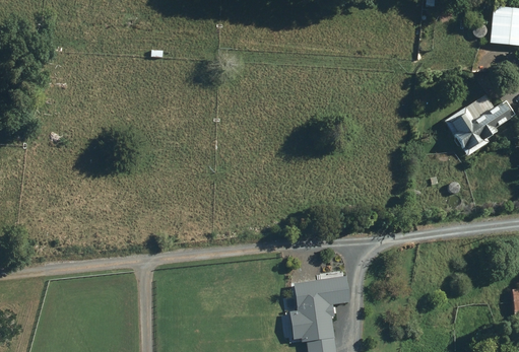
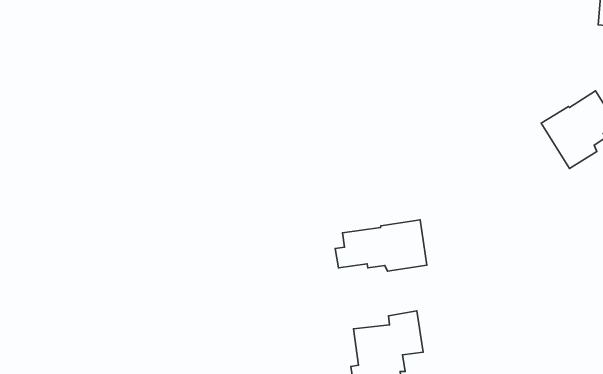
building: none -> [335,220,427,271]

